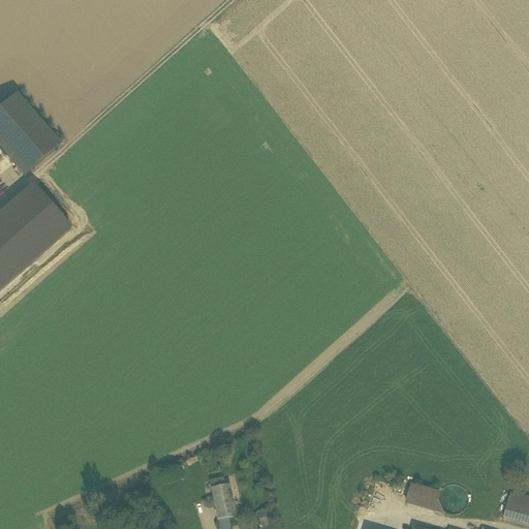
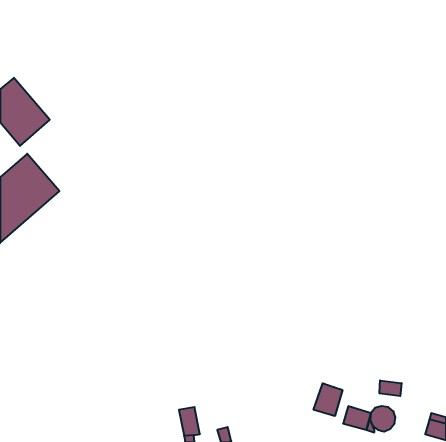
building: none -> [379,380,402,396]
building: none -> [314,383,342,416]

